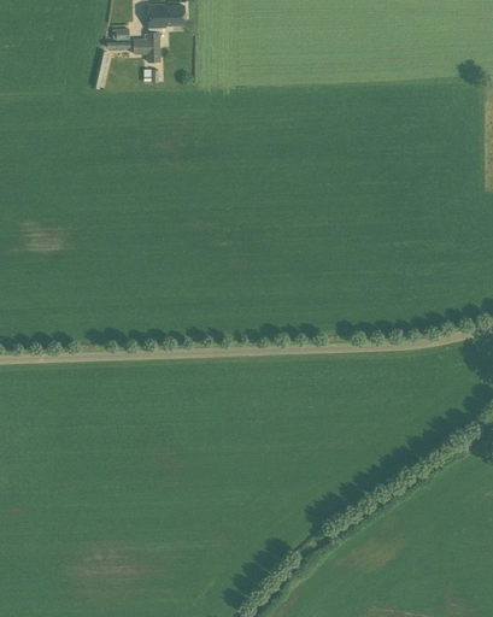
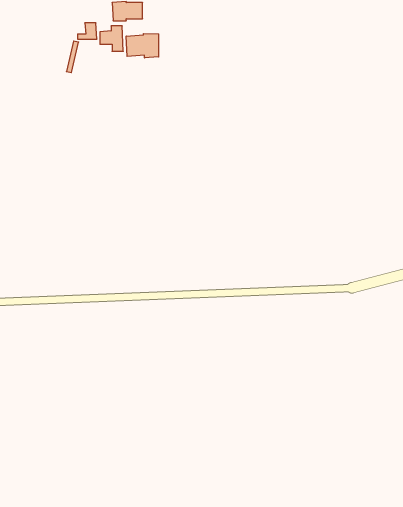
building: none -> [126,34,159,58]

